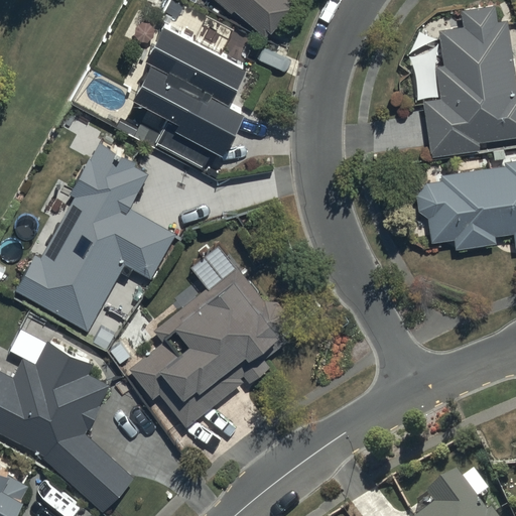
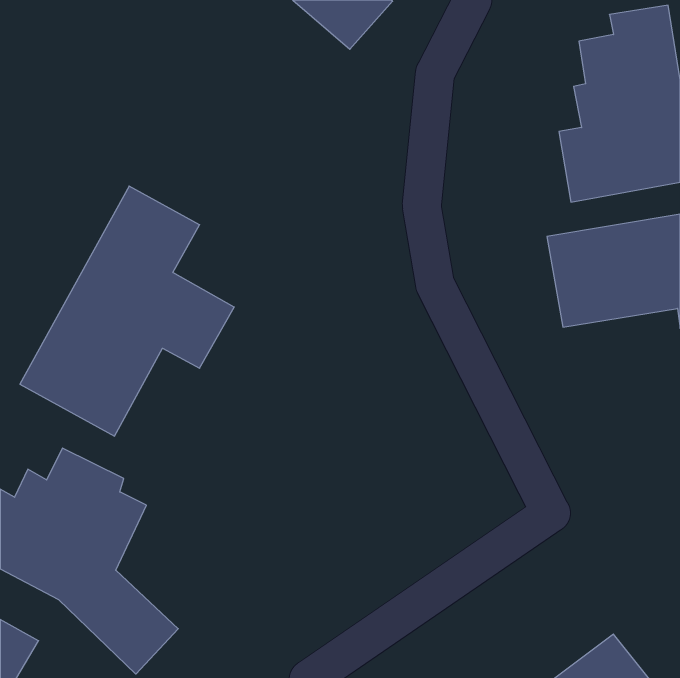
building: [126,26,245,171] -> none
building: [132,268,294,429] -> none

